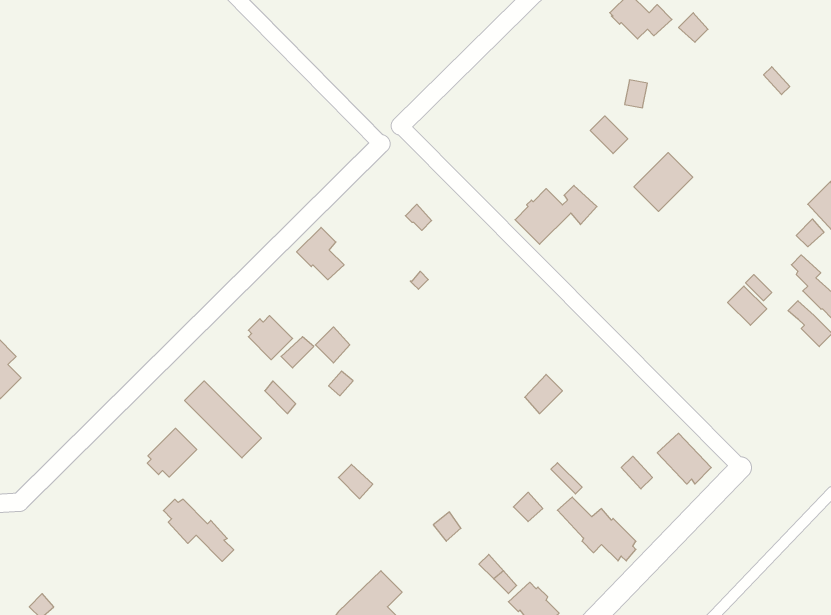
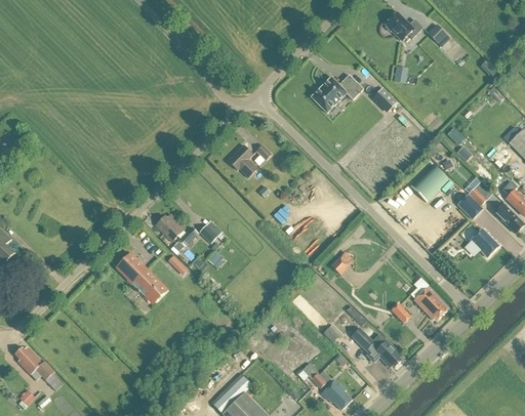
building: [634,153,693,211] -> [411,164,448,201]
building: [515,185,597,244] -> [311,76,362,113]
building: [297,227,344,280] -> [229,144,258,177]
building: none -> [471,227,499,257]
building: [147,428,197,477] -> none
building: [163,499,234,561] -> [15,346,59,385]

